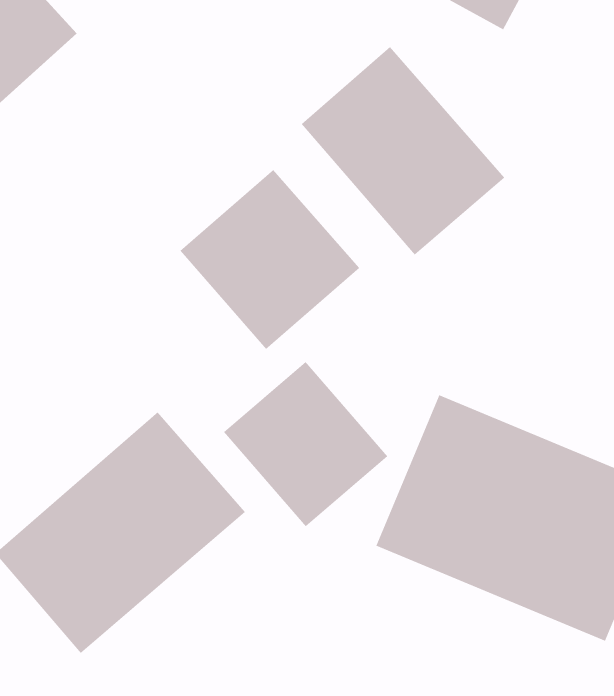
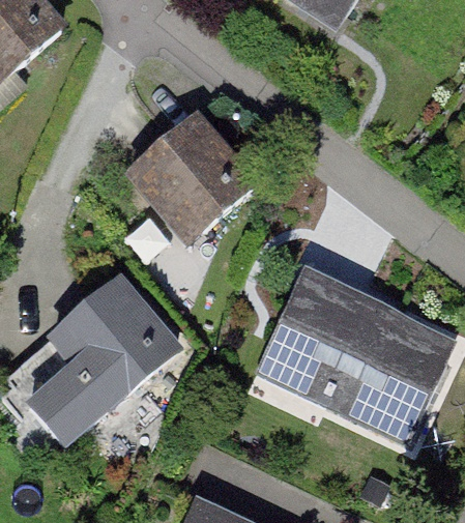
building: [301,46,505,255] -> none
building: [223,361,388,527] -> none

